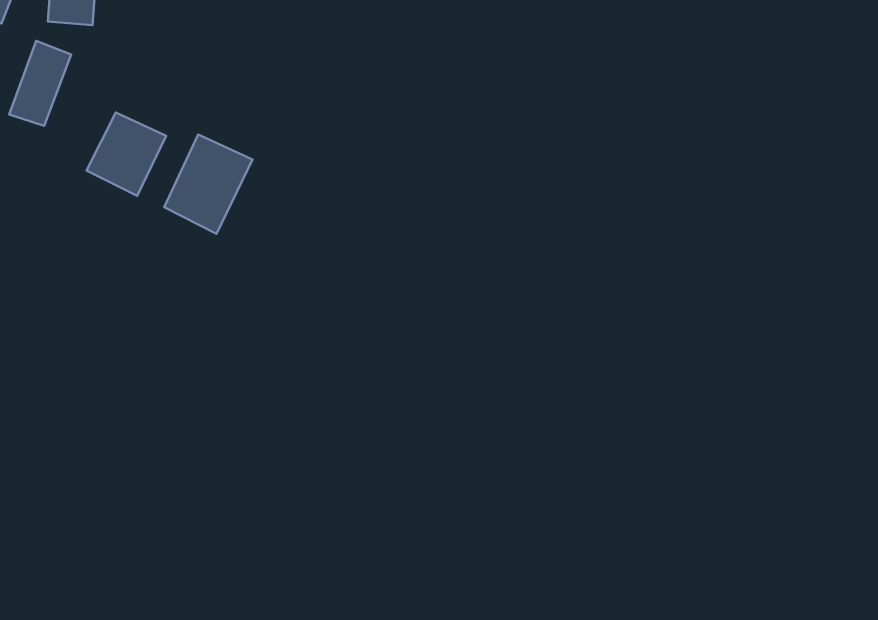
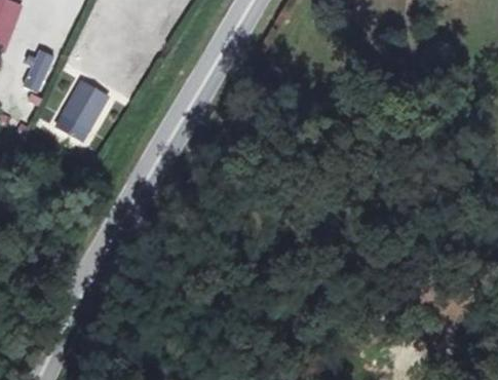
building: [164,134,252,234] -> none

